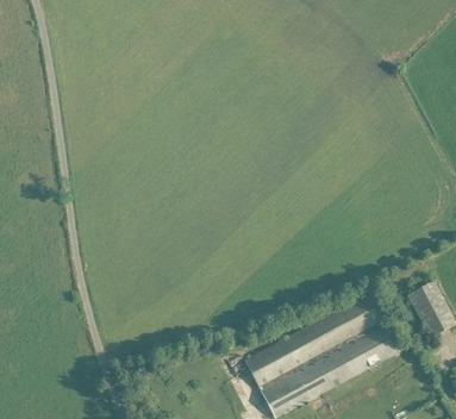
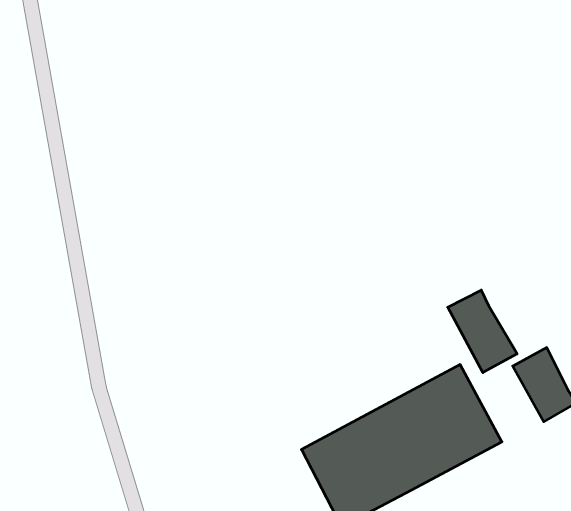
building: none -> [448,290,517,373]

